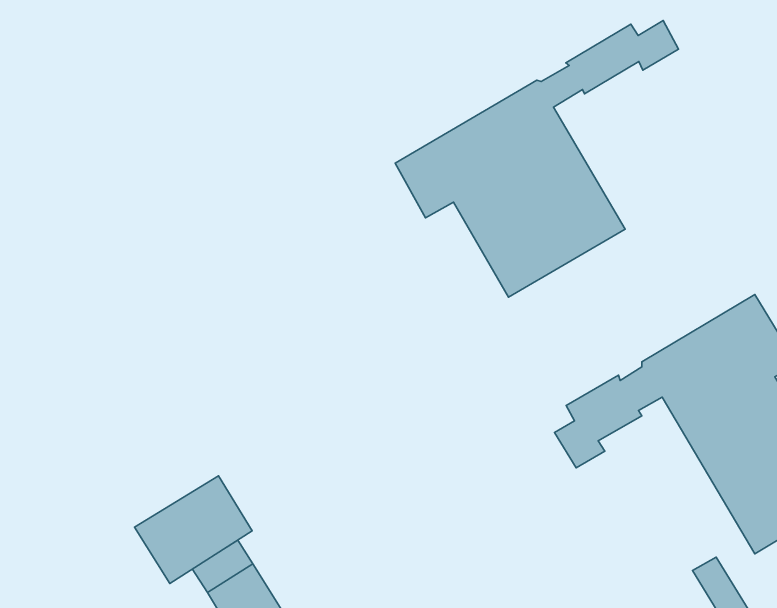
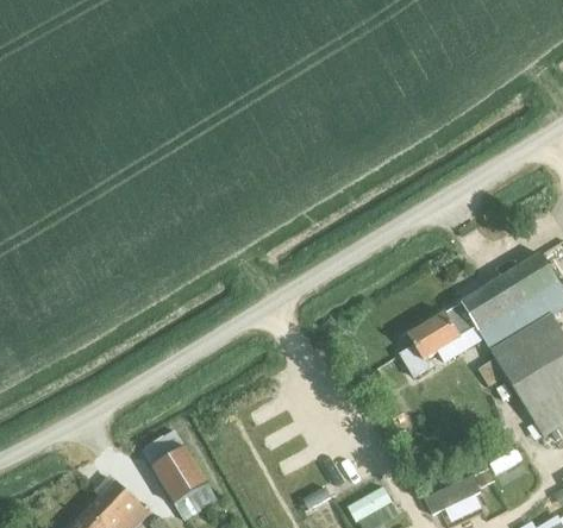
building: [395,21,679,297] -> none
building: [134,476,252,583] -> none

